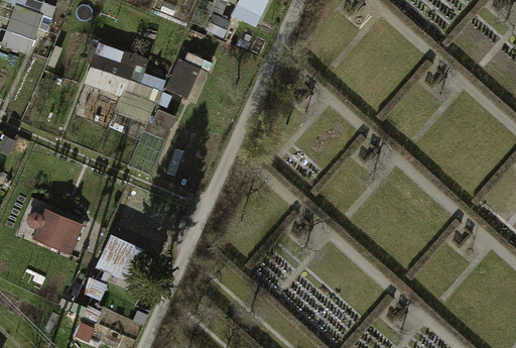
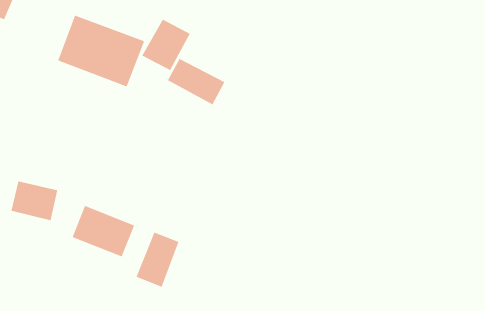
building: none -> [167,58,225,105]
building: none -> [136,231,180,288]

